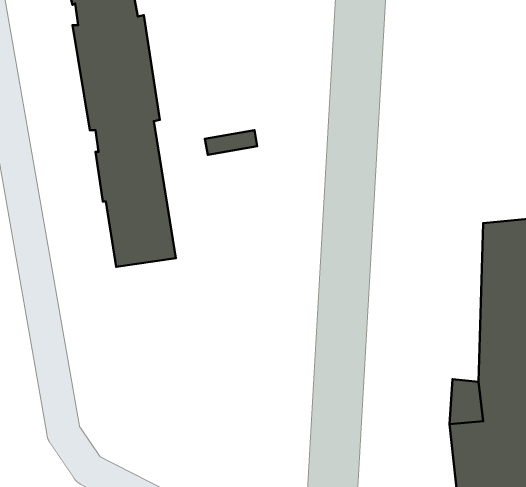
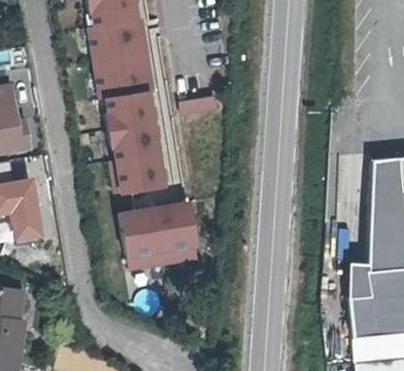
building: none -> [120,203,194,255]

